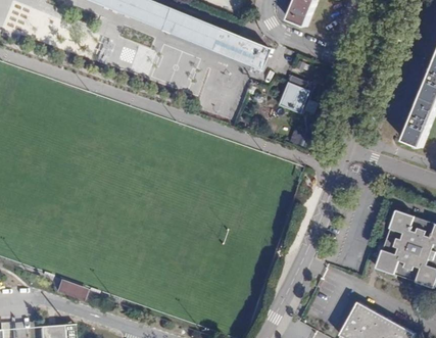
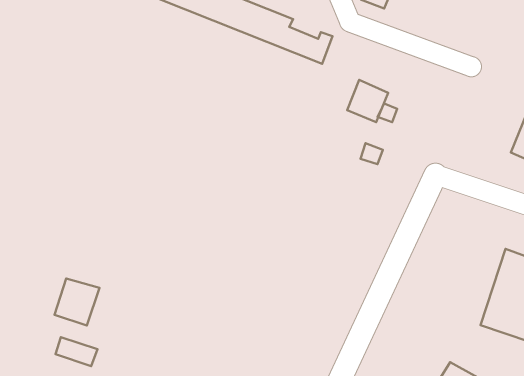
building: none -> [54,278,100,325]

